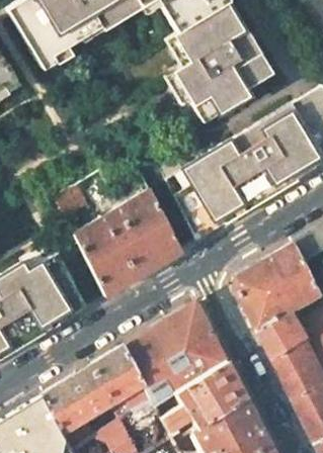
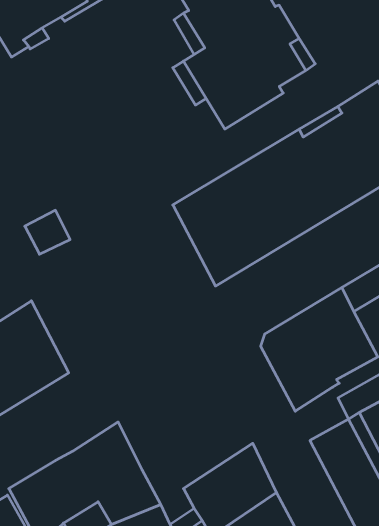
building: [73,188,181,295] -> none
building: [124,301,226,406] -> none
building: [258,318,299,358] -> none

